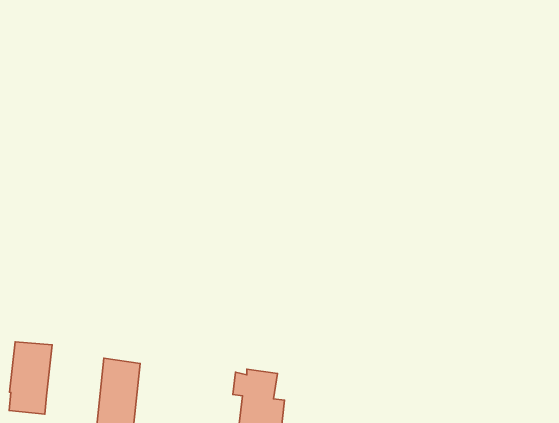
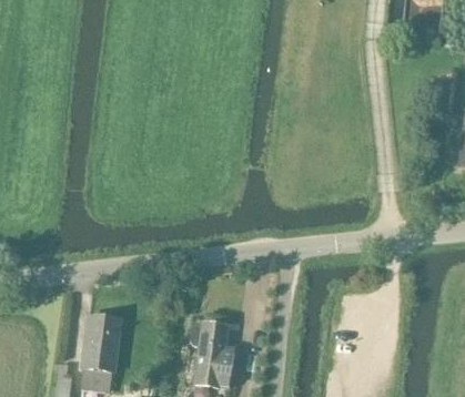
building: [9,342,52,414] -> none

